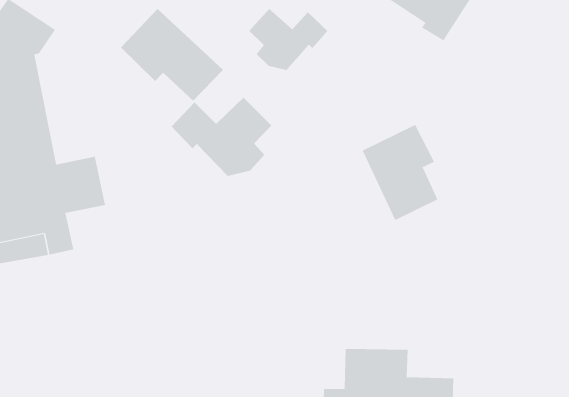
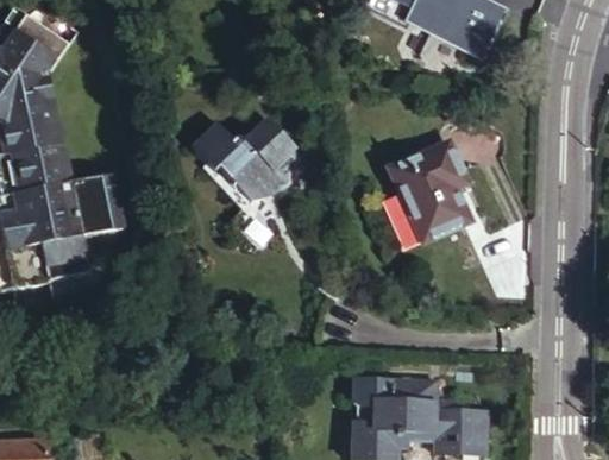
building: [120,8,224,101] -> none
building: [249,8,328,71] -> none

